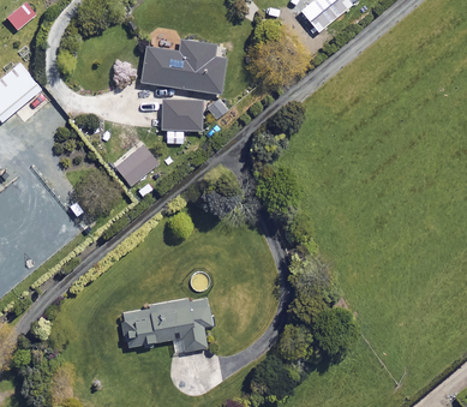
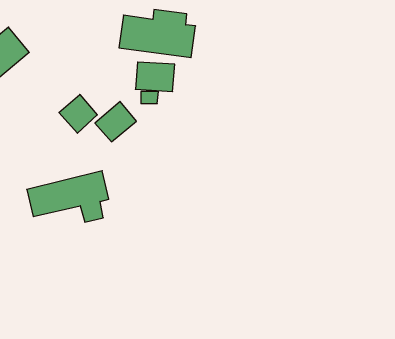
building: none -> [59,94,97,133]
building: [122,295,212,352] -> [27,171,109,222]

